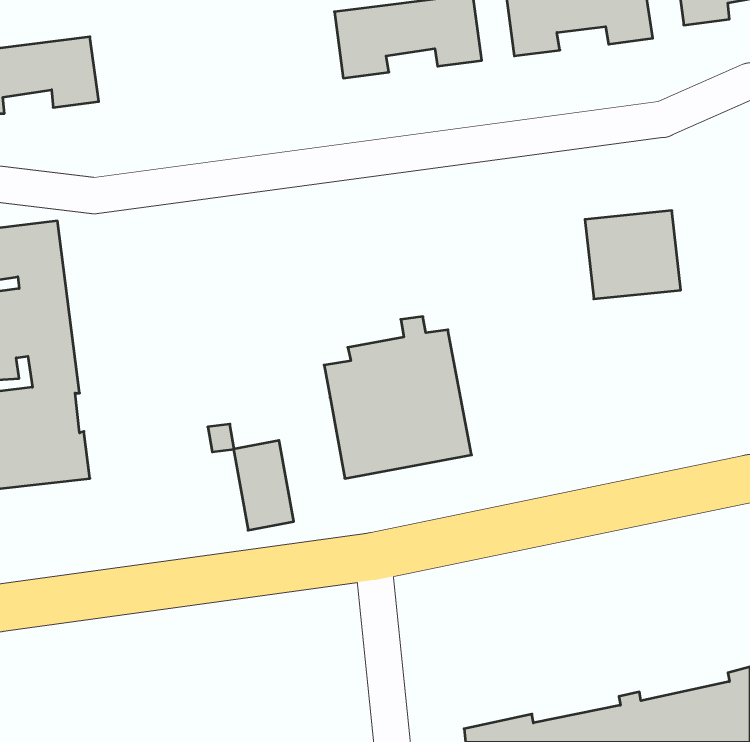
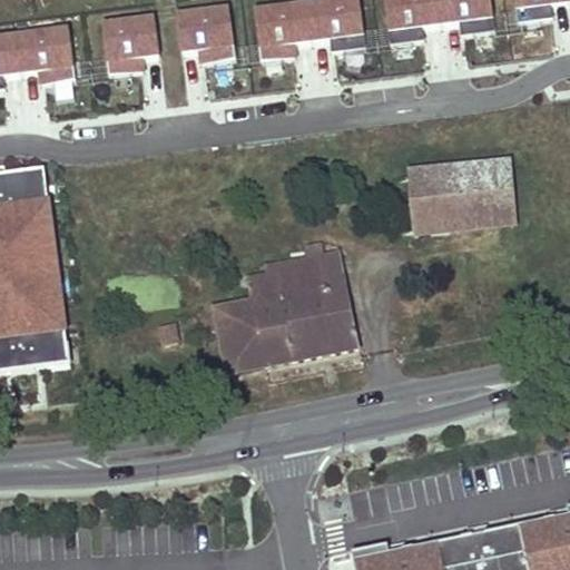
building: none -> [176,7,234,60]
building: none -> [101,17,158,72]
building: none -> [409,166,449,229]
building: [233,440,294,530] -> [215,301,261,368]

